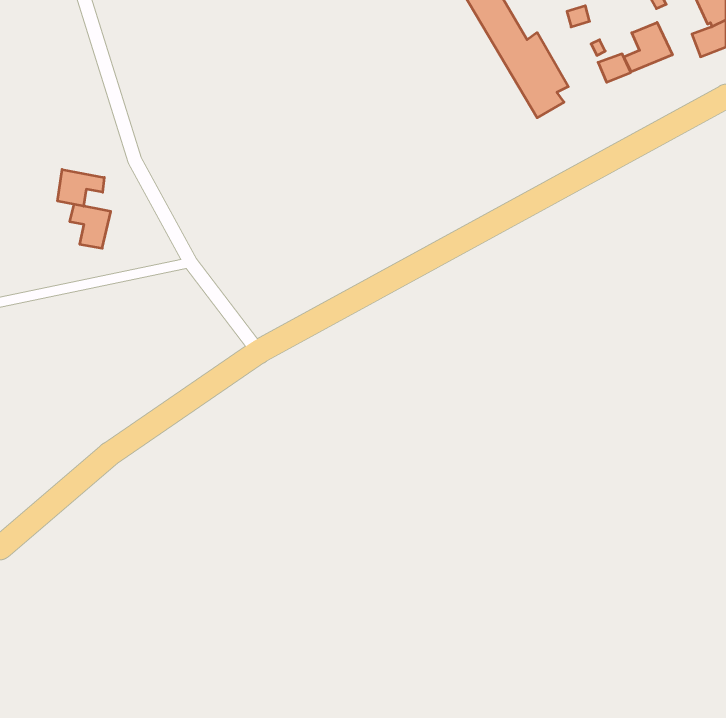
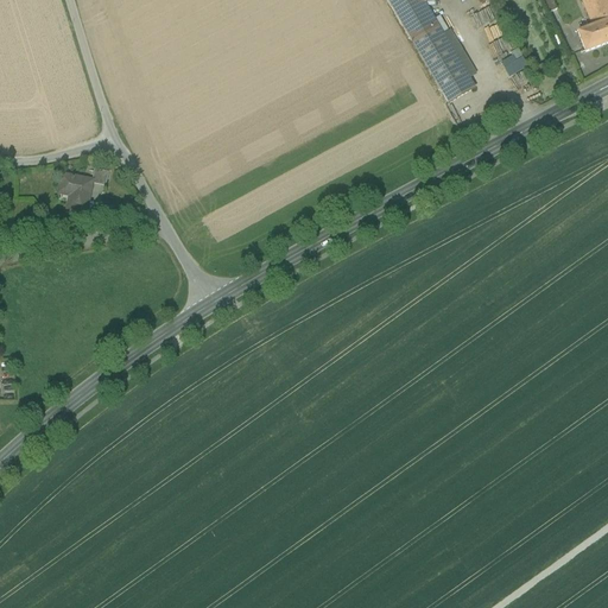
building: [624,22,672,72] -> none
building: [58,169,104,206] -> none

